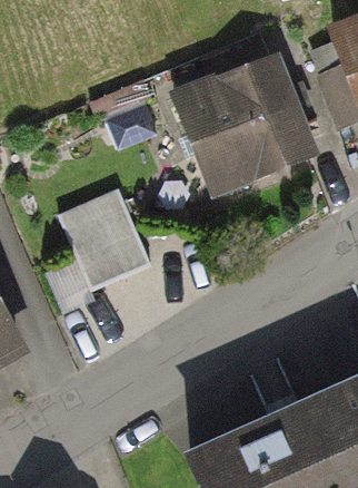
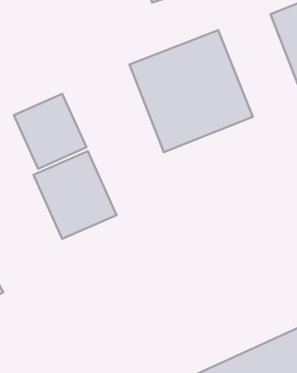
building: none -> [14,94,87,169]

